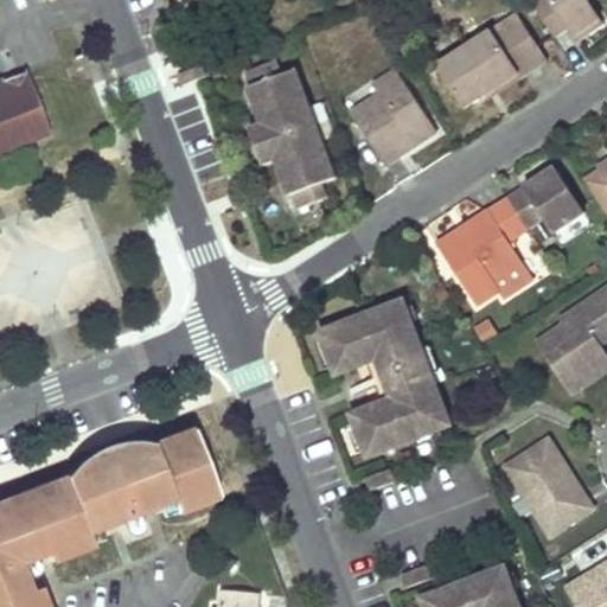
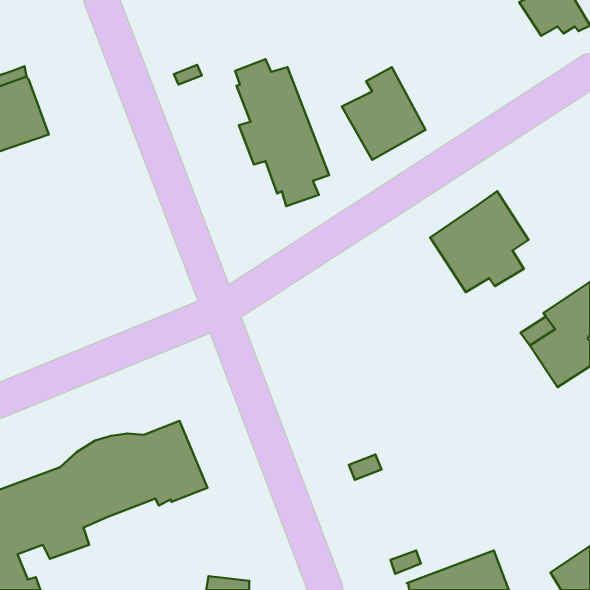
building: [435,14,548,104] -> none
building: [509,166,583,236] -> none
building: [314,298,453,461] -> none
building: [501,434,596,538] -> none

